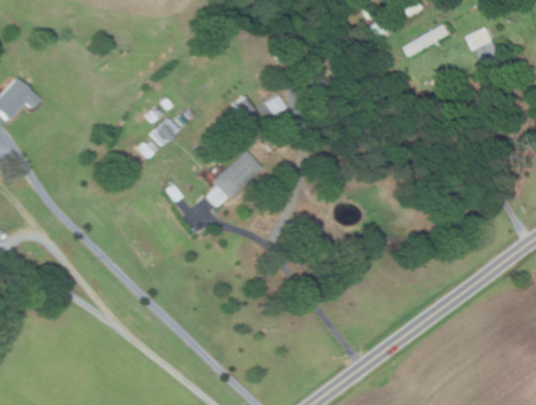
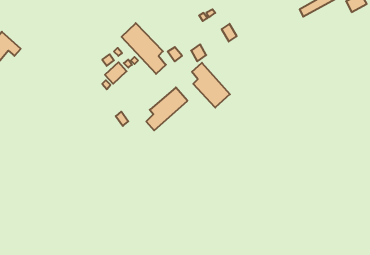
building: none -> [122,23,166,74]
building: none -> [192,63,230,108]

